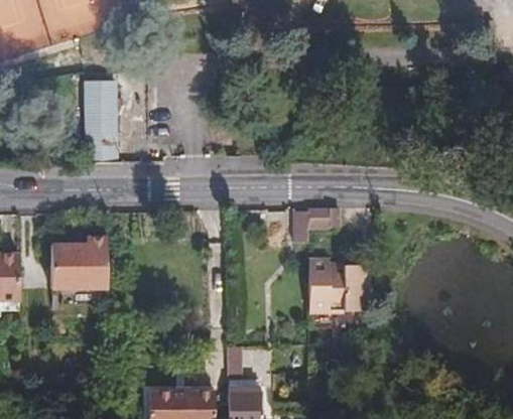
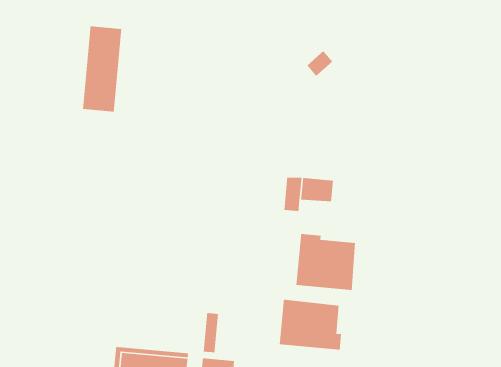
building: [49,240,106,307] -> none
building: none -> [279,299,342,350]

